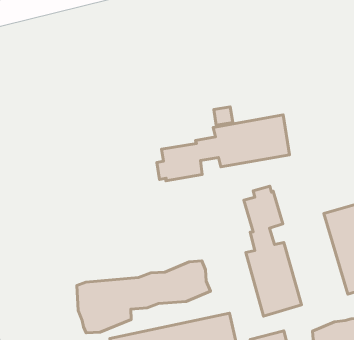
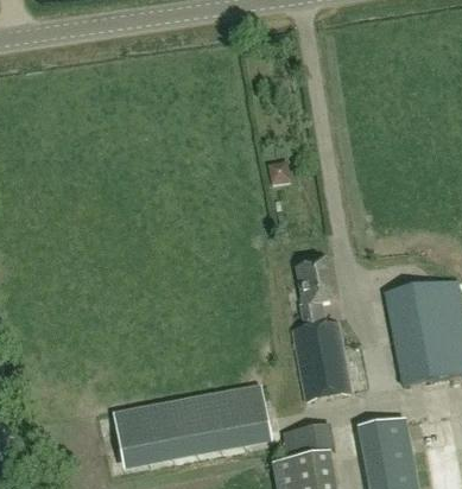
building: [157,115,290,181] -> none
building: [77,261,210,333] -> none

